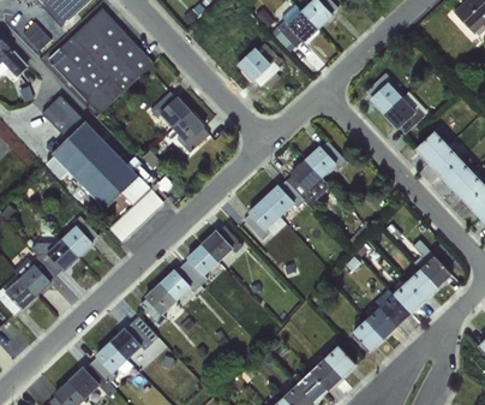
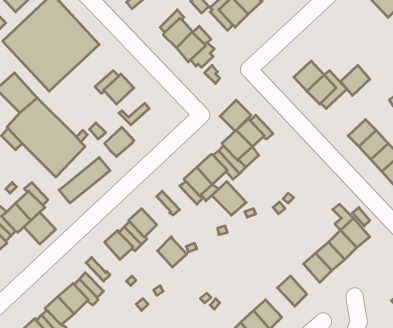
building: [173,112,205,144] -> [105,127,134,157]
building: none -> [220,100,251,131]
building: [415,131,448,165] -> [341,65,370,96]
building: none -> [212,181,246,215]
building: [200,230,233,263] -> [157,237,187,267]
building: none -> [24,212,56,244]
building: [144,282,176,316] -> none
building: [365,306,397,340] -> none

